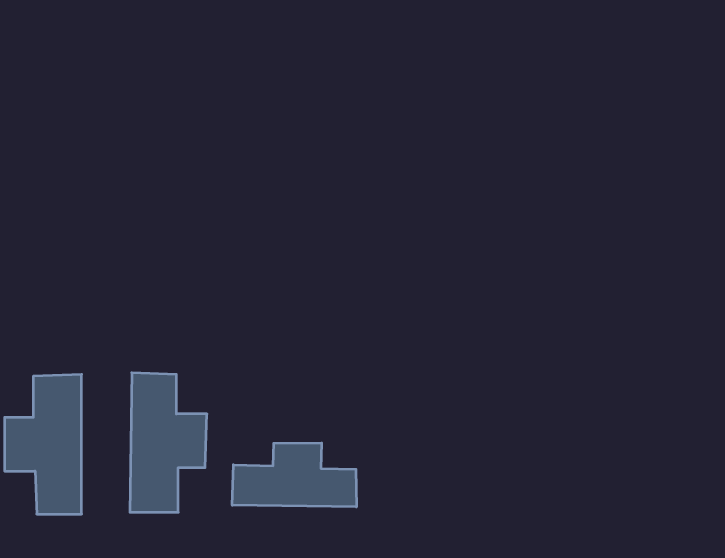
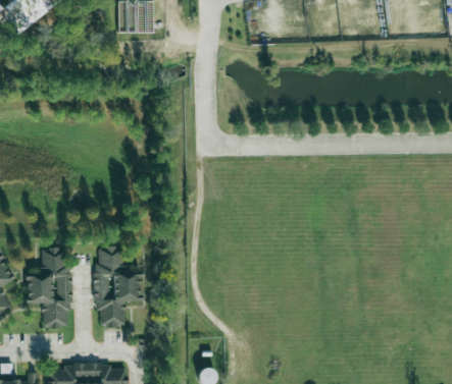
building: [232,443,356,507] -> none

